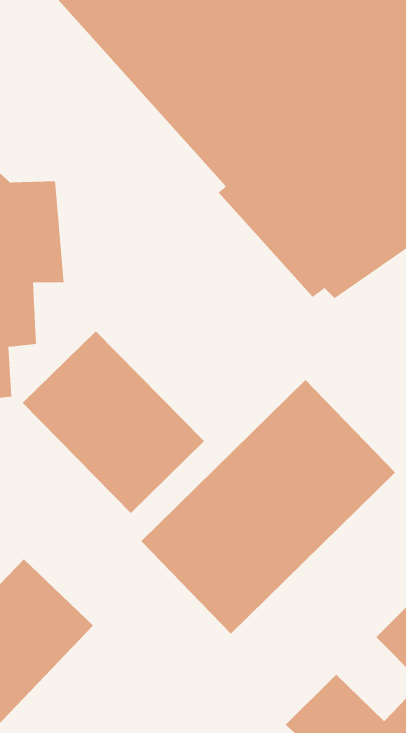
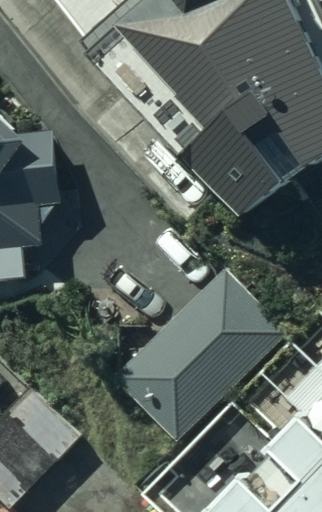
building: [22,330,205,514] -> none

